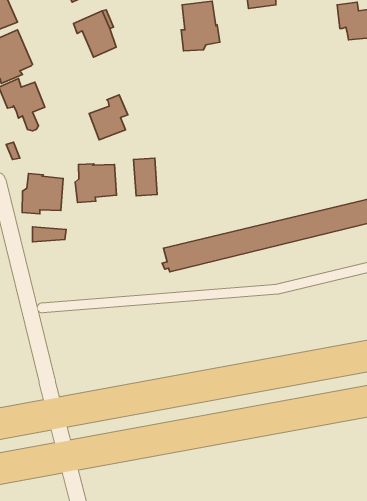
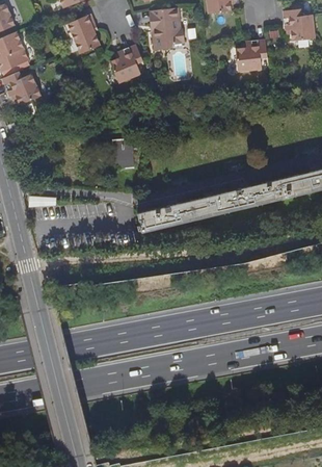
building: none -> [237,41,268,72]
building: [89,95,128,140] -> [111,45,143,82]
building: [75,164,117,202] -> none
building: [22,173,63,214] -> none

